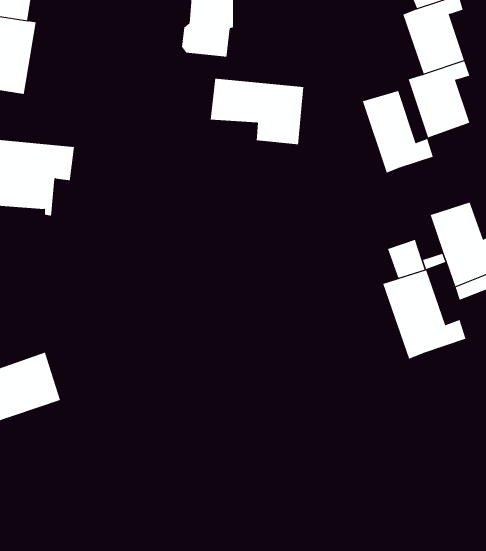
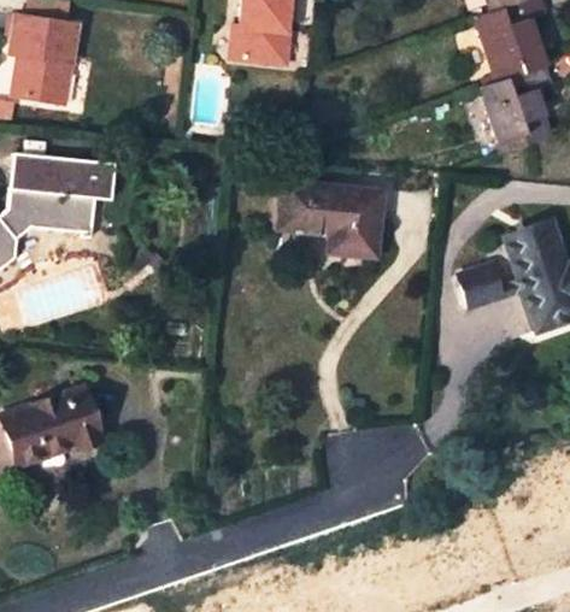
building: [210,78,304,145] -> [278,183,382,257]
building: [362,90,434,173] -> none
building: [383,270,466,360] -> none

